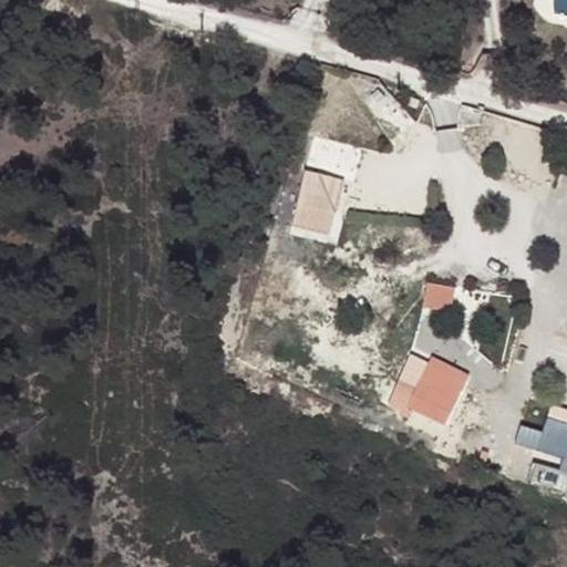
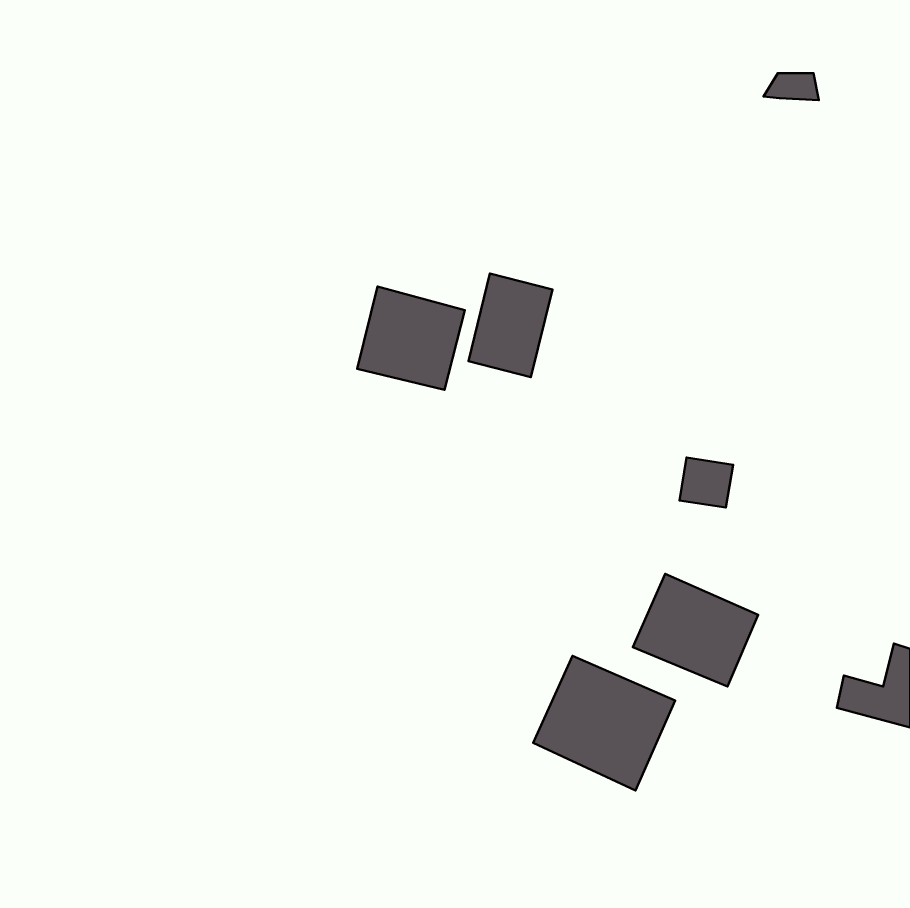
building: none -> [357,286,465,390]
building: none -> [533,656,675,791]

